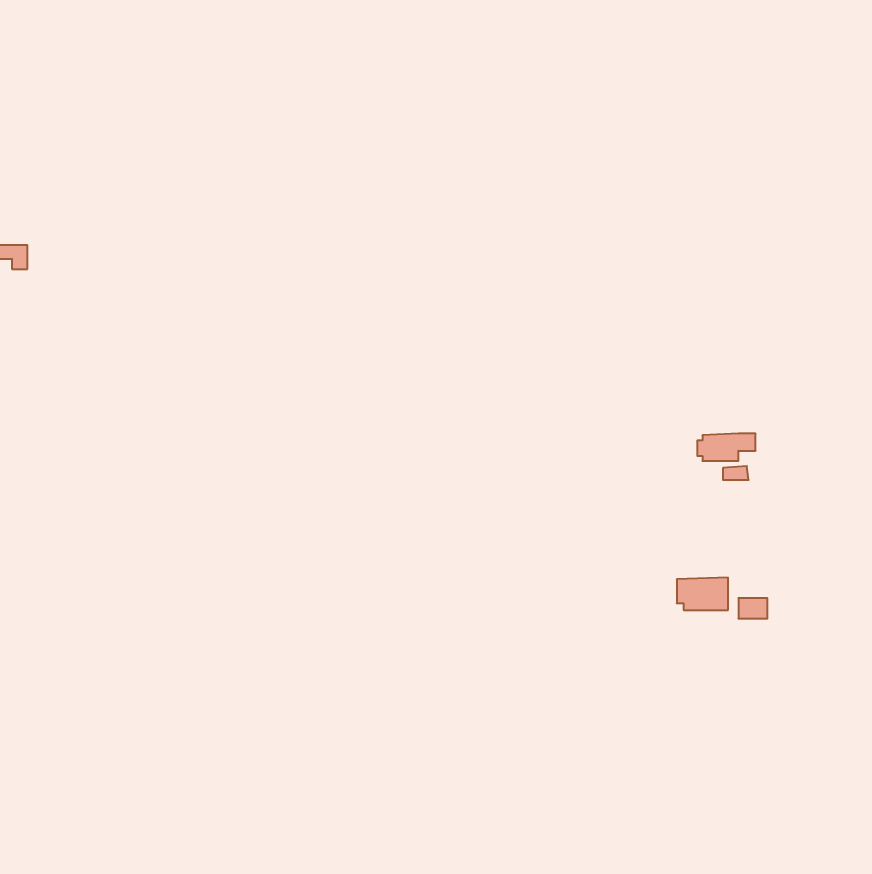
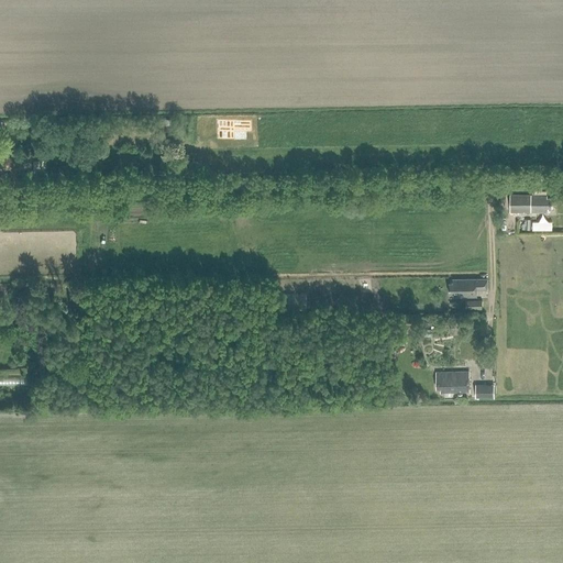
building: none -> [508,194,550,211]

